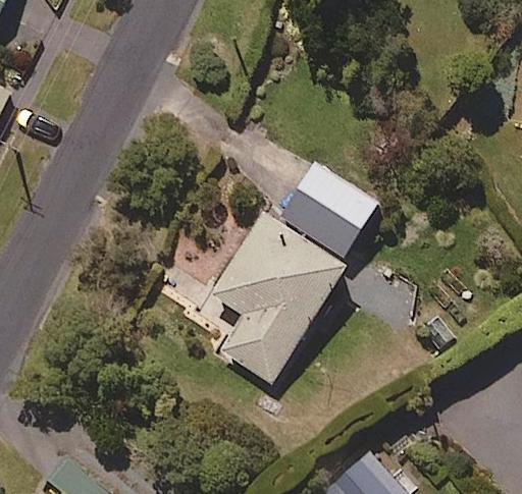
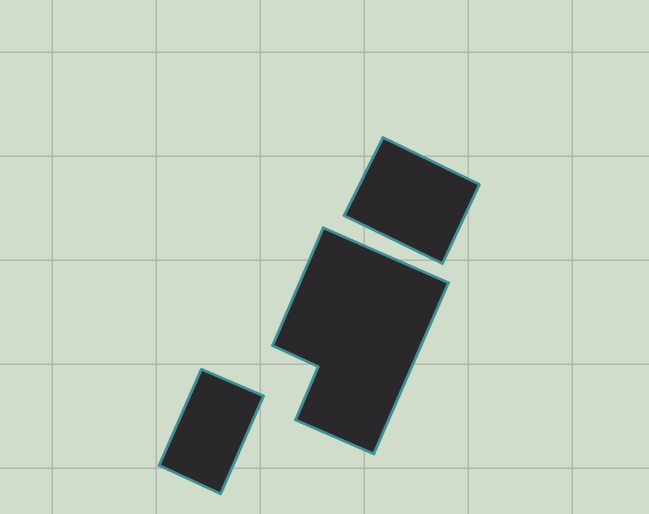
building: none -> [159,369,263,494]

